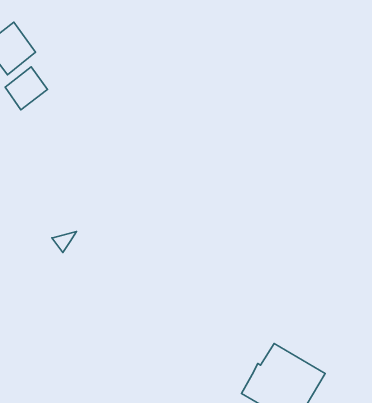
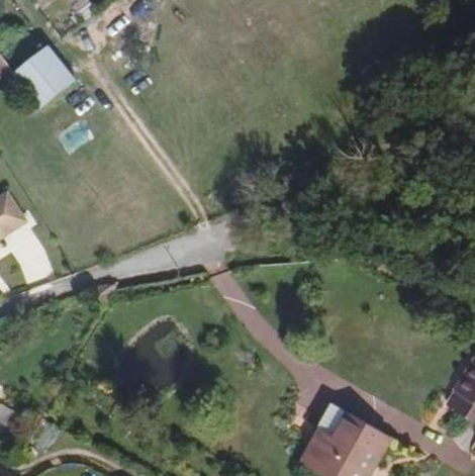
building: [5,67,48,110] -> none

